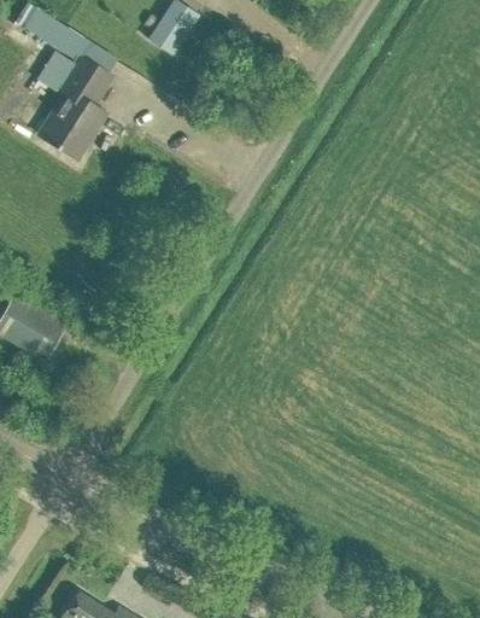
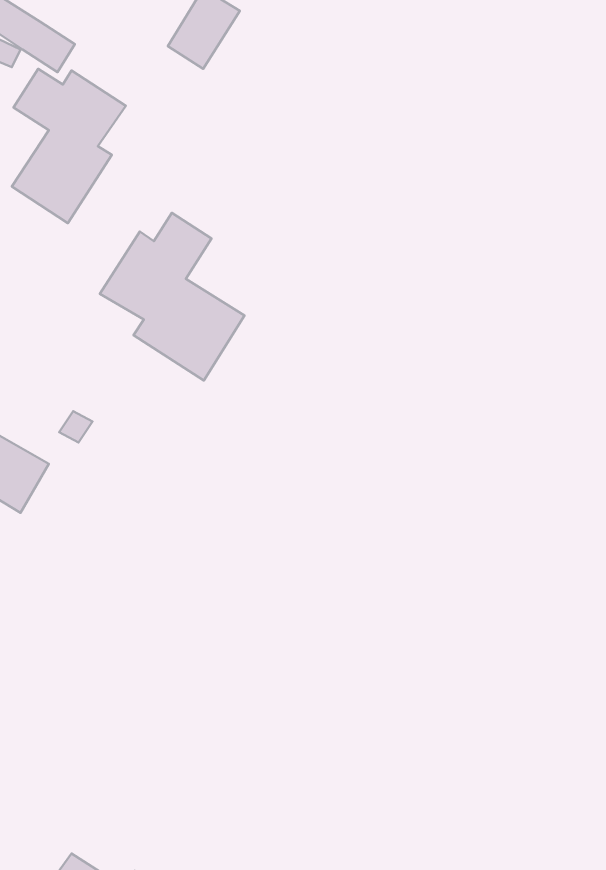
building: none -> [100,213,244,380]

